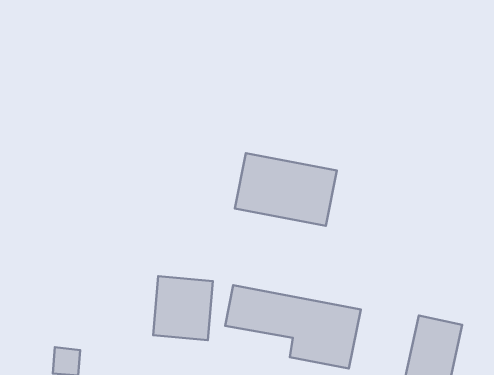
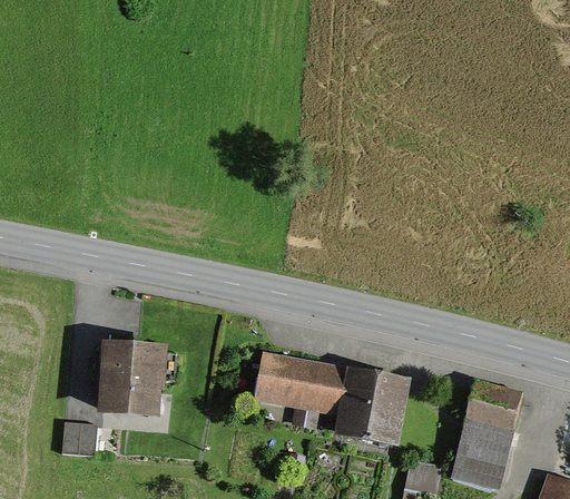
building: [235,153,337,226] -> none
building: [153,276,213,340] -> [97,344,163,414]

